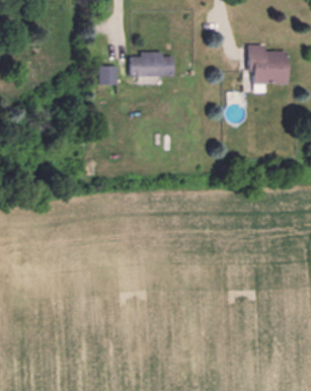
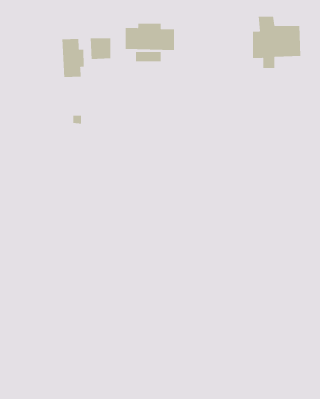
building: none -> [62,38,84,78]

